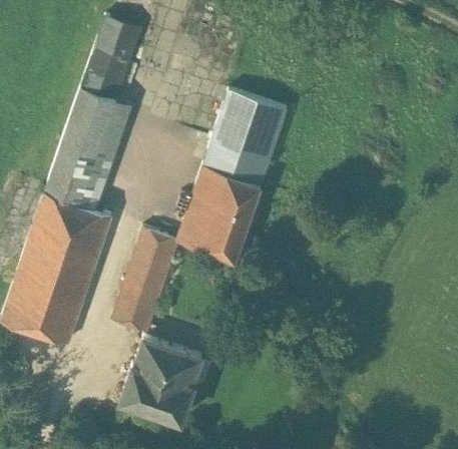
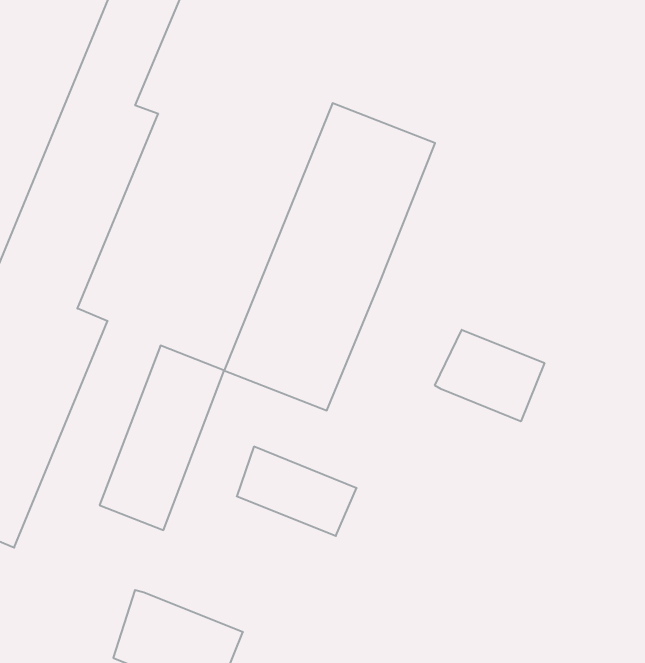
building: none -> [435,330,544,421]
building: [137,339,203,386] -> [237,447,357,536]

